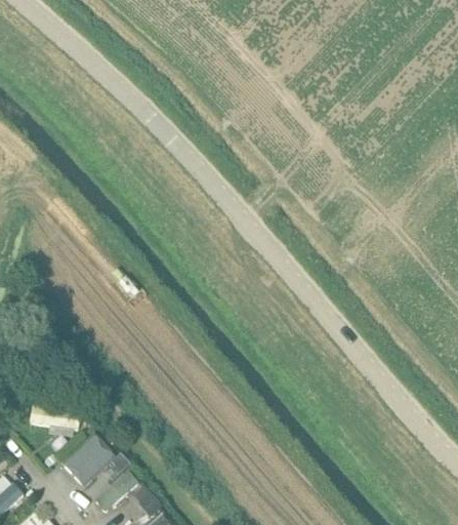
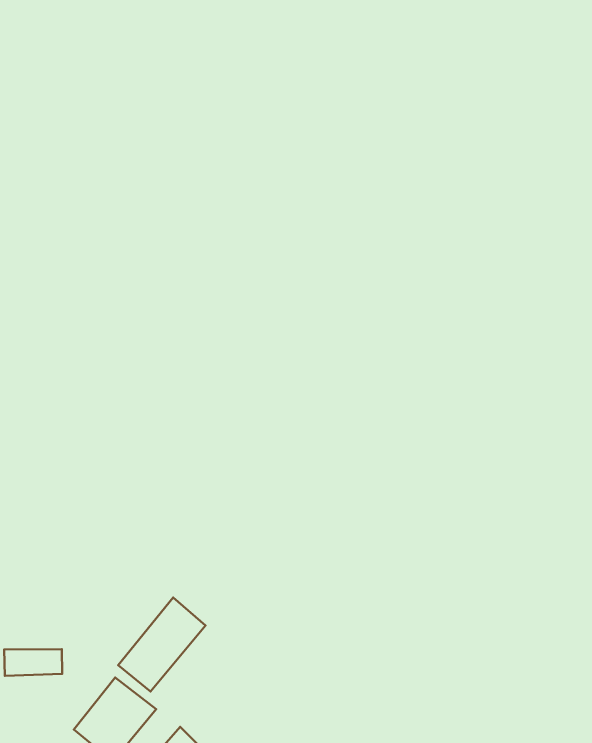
building: none -> [118,597,205,692]

